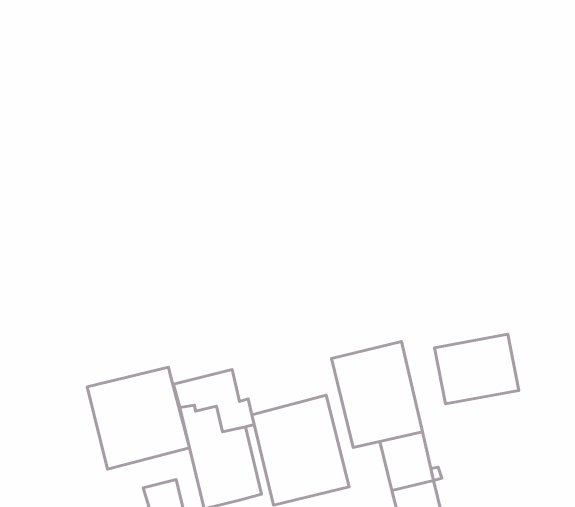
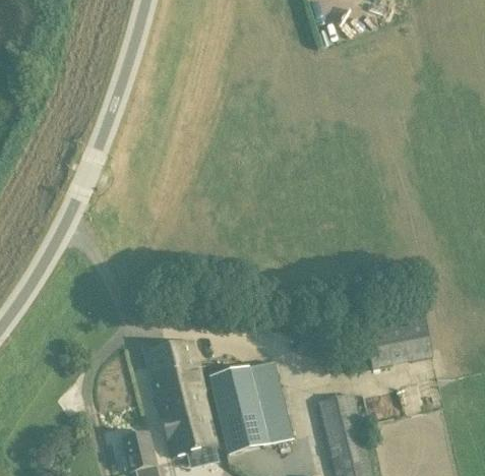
building: [332,342,422,447] -> none
building: [87,367,189,469] -> none

